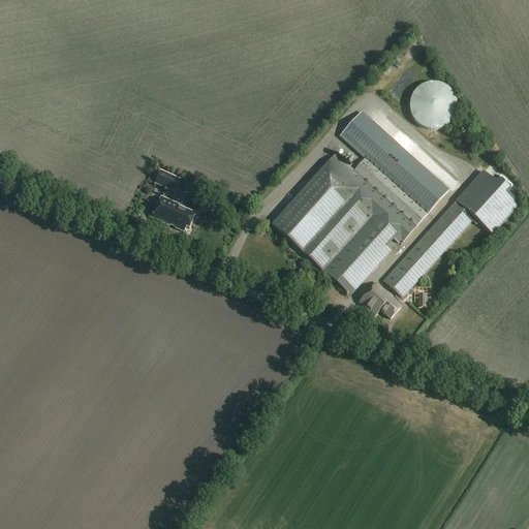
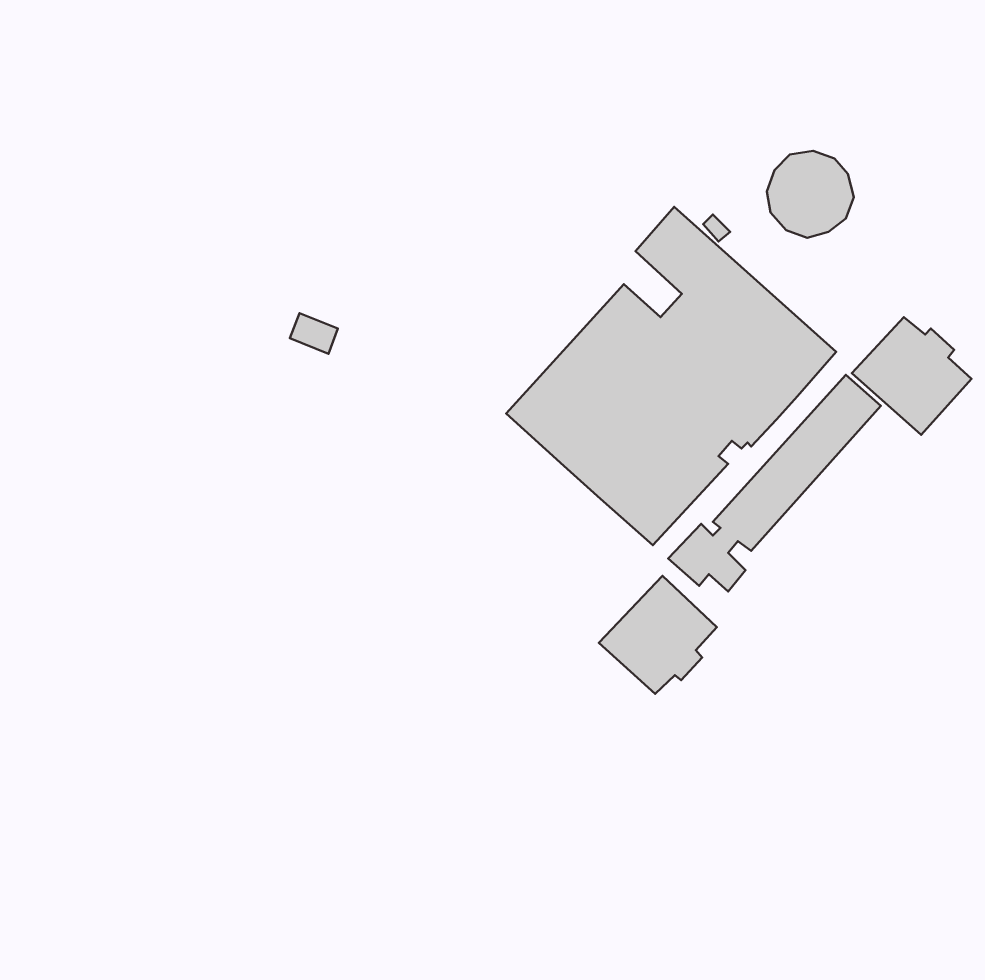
building: [152,196,192,227] -> none
building: none -> [599,576,717,694]

